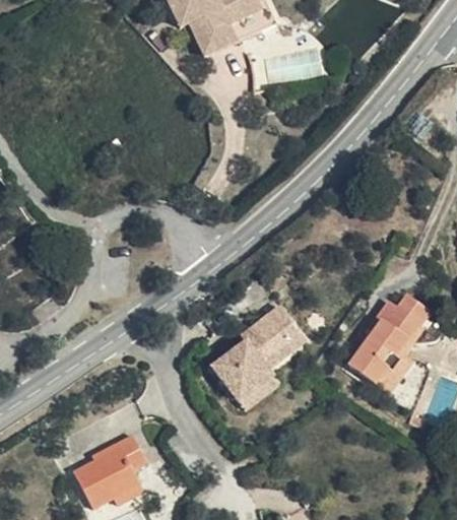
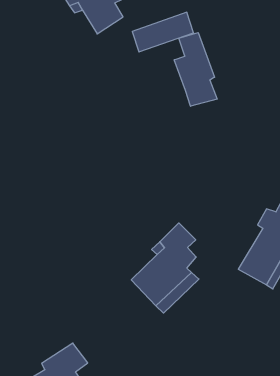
building: none -> [174,33,217,106]

